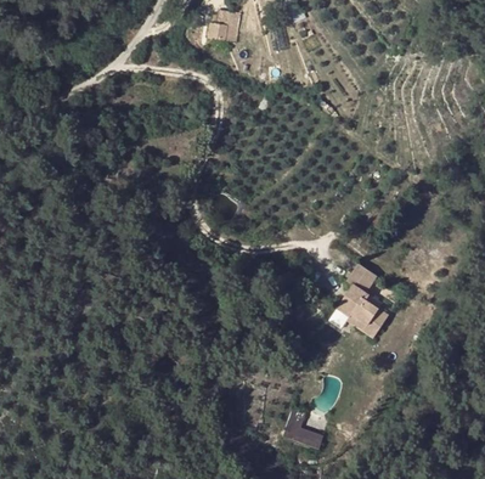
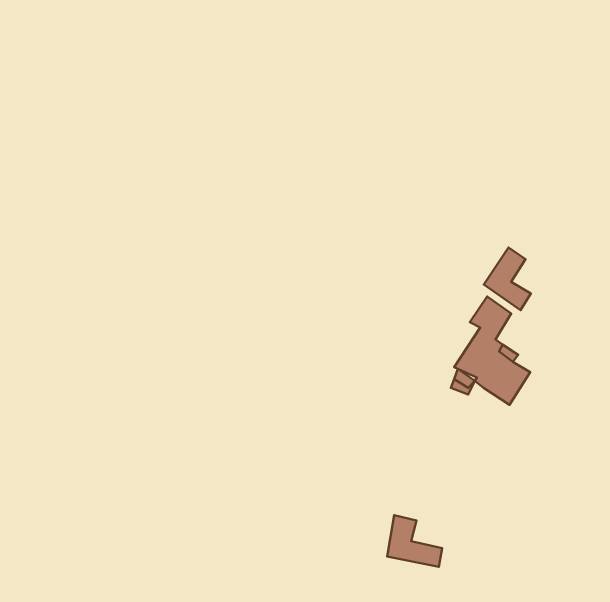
building: none -> [484,247,531,310]

